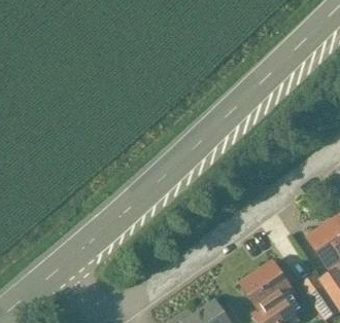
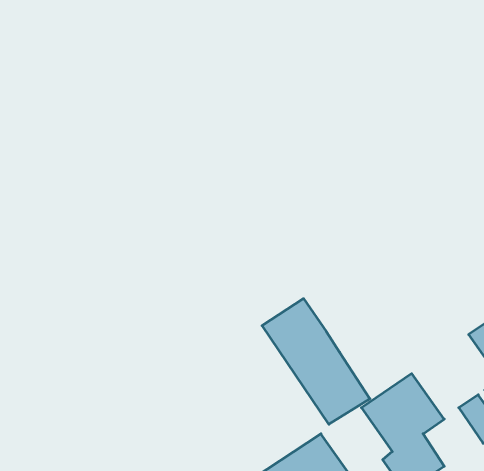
building: none -> [262,299,370,424]

